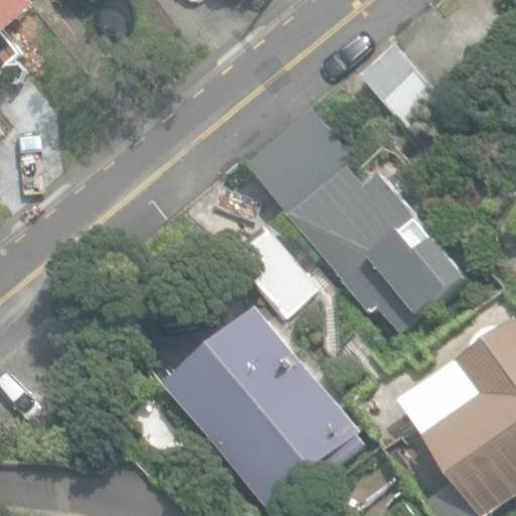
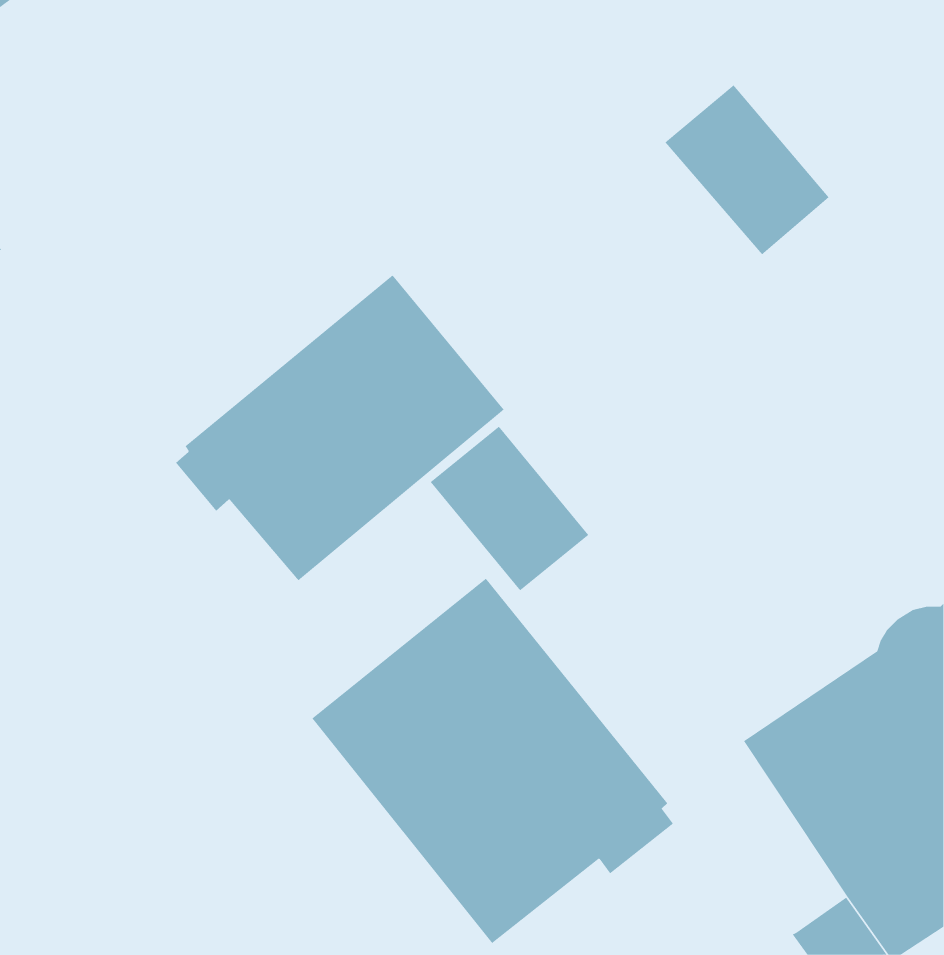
building: [251,111,472,329] -> none
building: none -> [175,274,504,581]

